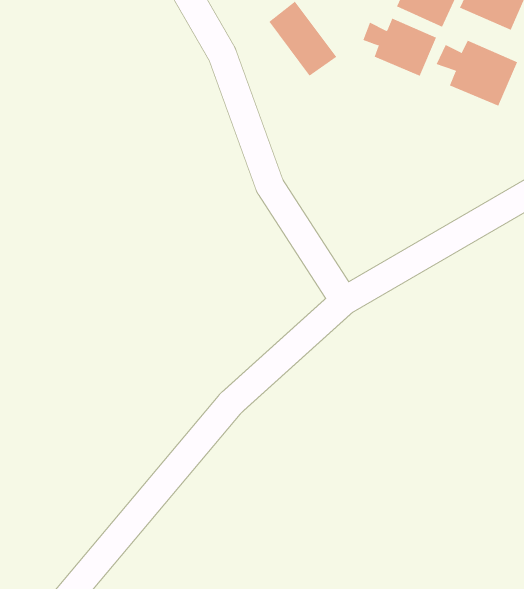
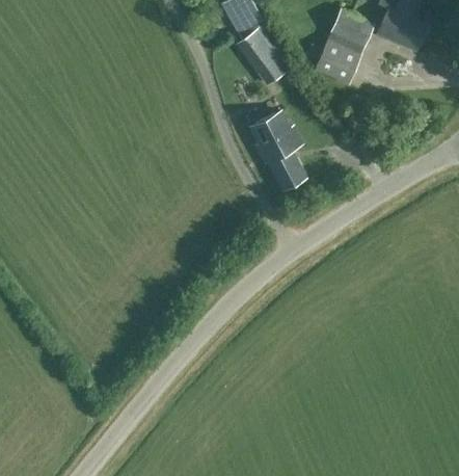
building: [436,40,518,107] -> none
building: none -> [250,111,304,190]

